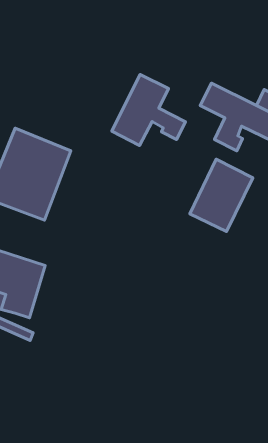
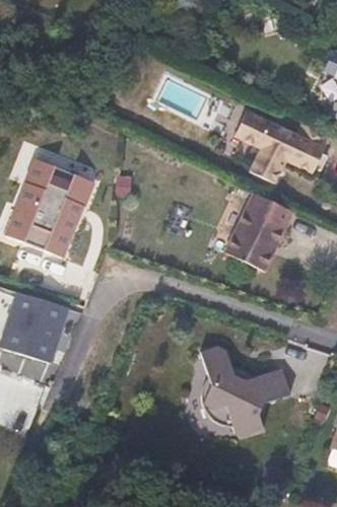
building: [112,74,186,146] -> none
building: none -> [199,343,292,435]

